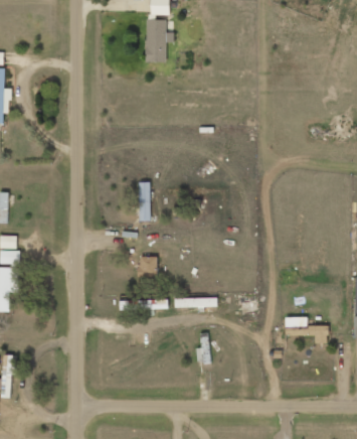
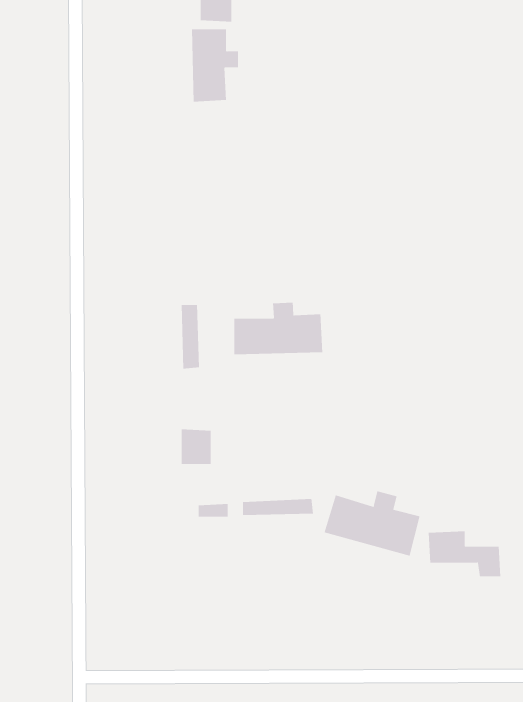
building: none -> [234,302,323,355]
building: none -> [324,491,420,556]

